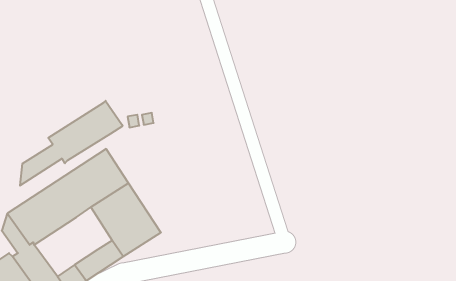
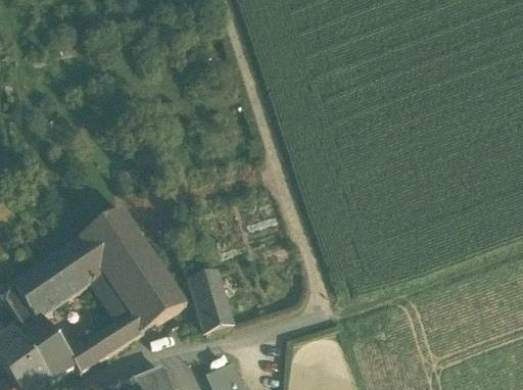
building: [20,101,122,186] -> none
building: none -> [191,267,233,331]
building: none -> [90,274,131,322]

